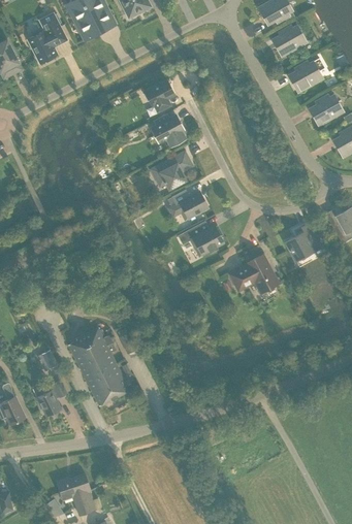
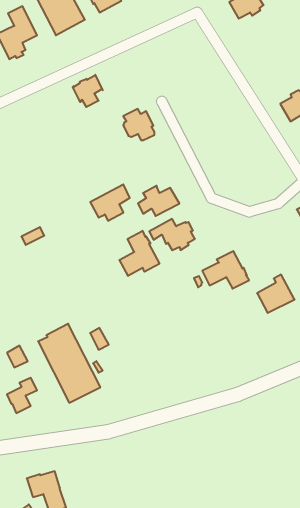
building: [273,25,307,56] -> none
building: [289,58,324,92] -> none
building: [145,79,174,111] -> [73,75,103,107]
building: [152,152,191,188] -> [90,184,130,221]
building: [285,223,322,261] -> [257,275,295,313]
building: none -> [119,231,159,276]

